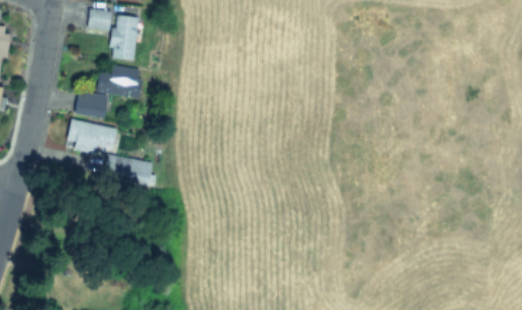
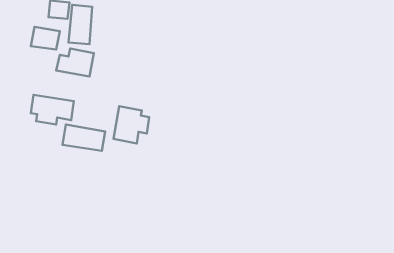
building: [75,93,109,119] -> [31,27,60,50]
building: none -> [113,106,149,143]

